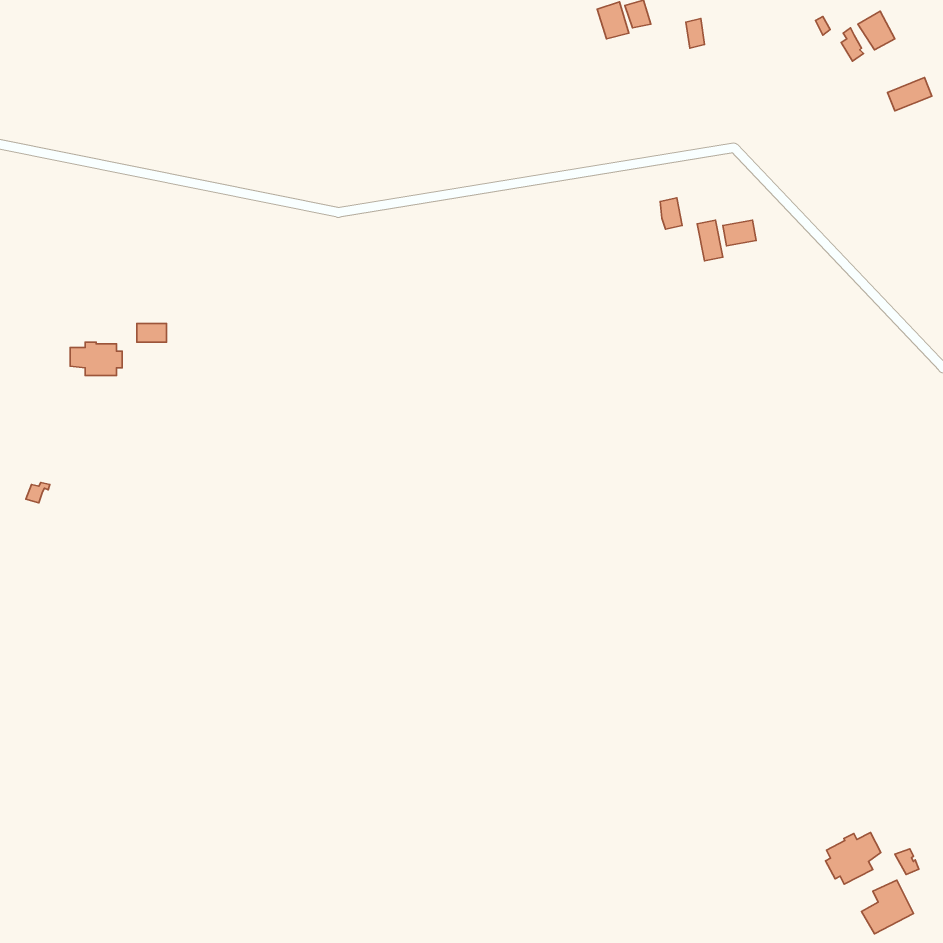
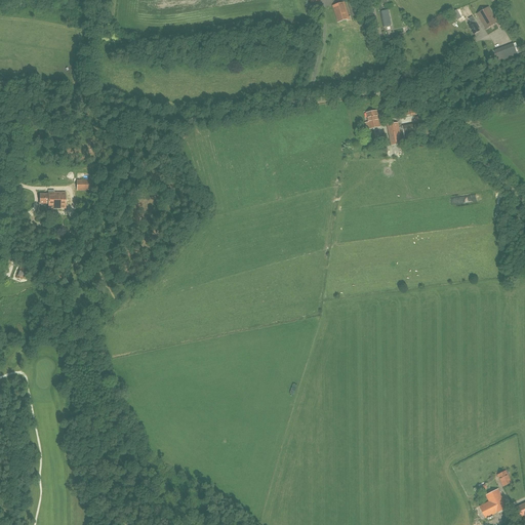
building: [826,832,881,884] -> none

